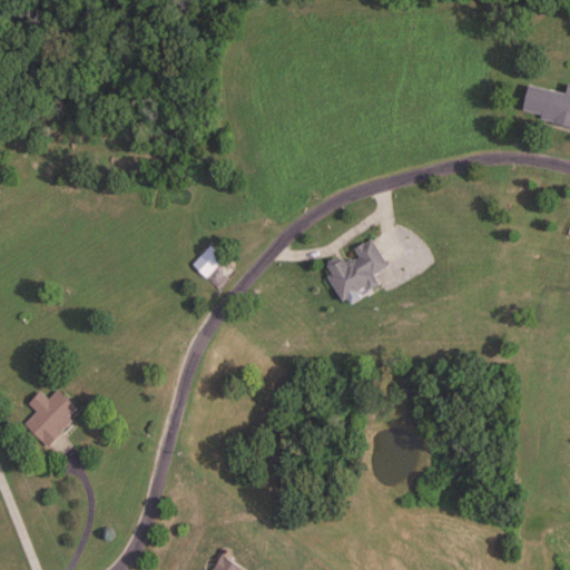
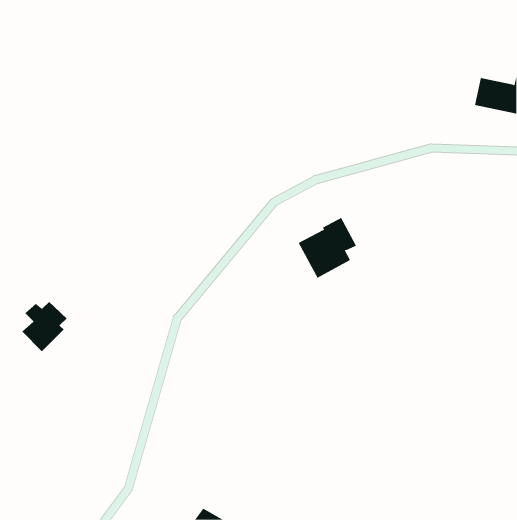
building: [190,245,224,278] -> none
building: [24,390,75,445] -> [22,301,67,352]

